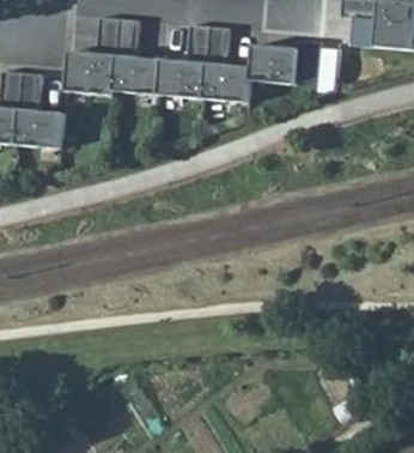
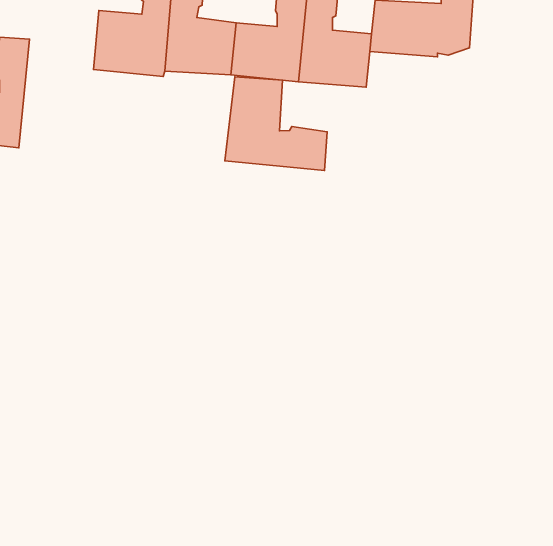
building: [16,71,63,147] -> none
building: none -> [225,77,327,171]

